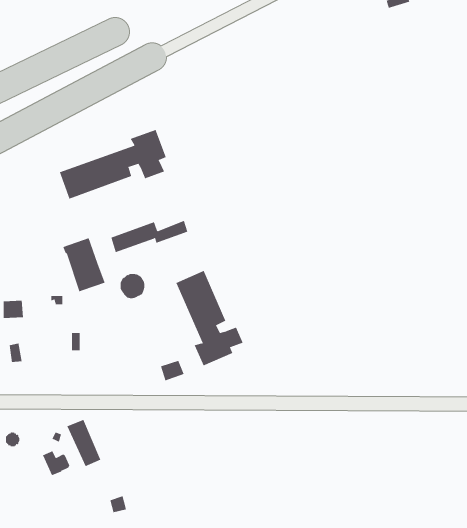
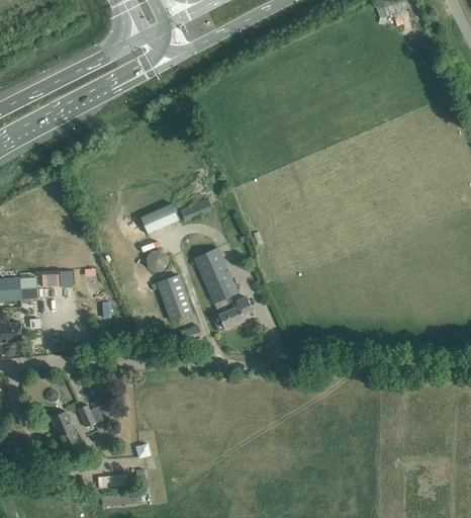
building: [59,129,166,199] -> none
building: [63,238,105,292] -> [156,273,193,321]
building: [67,419,101,467] -> [51,410,81,451]

